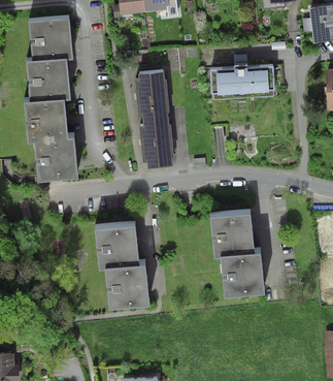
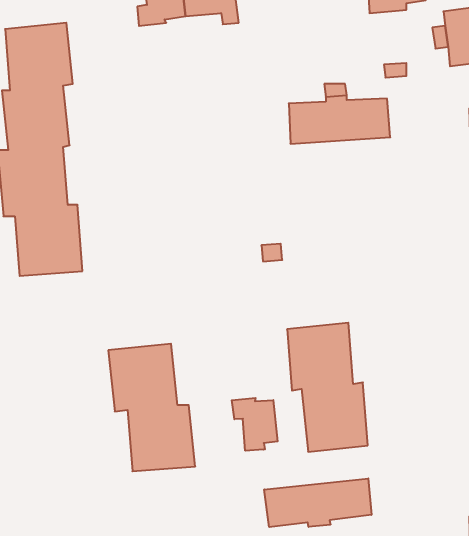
building: [135,69,174,166] -> none
building: none -> [232,398,278,451]
building: none -> [264,478,371,527]

